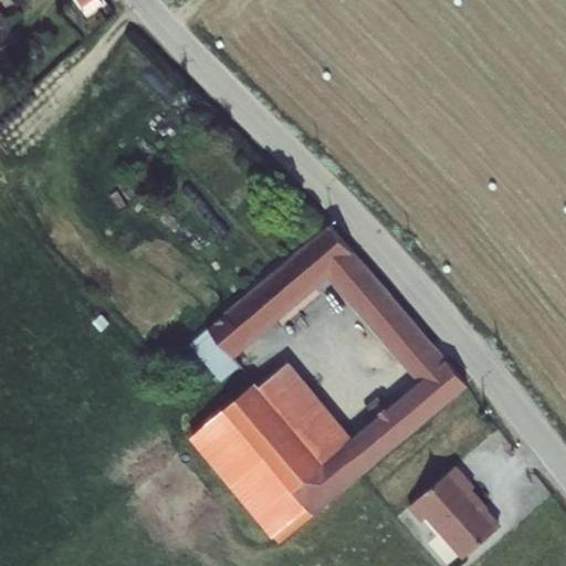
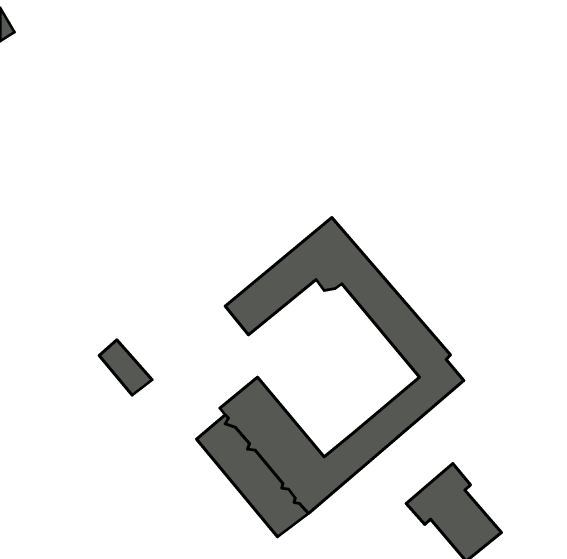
building: [190,326,243,381] -> [99,340,152,395]
building: [256,360,353,463] -> none

